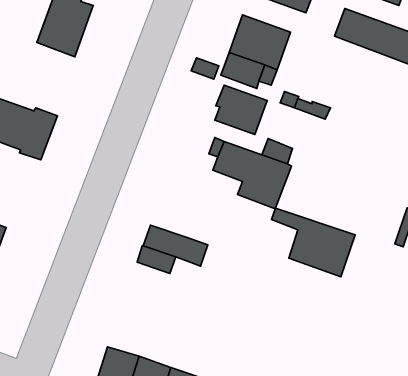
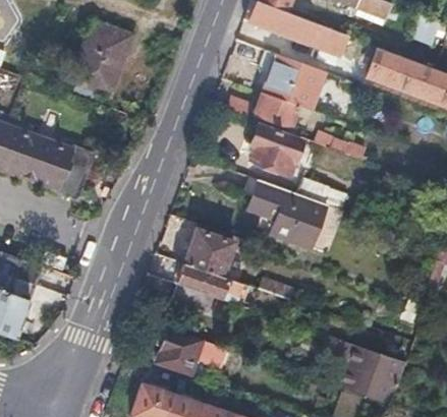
building: none -> [185,230,233,276]
building: [271,208,355,277] -> [323,337,406,405]
building: none -> [158,327,204,373]

